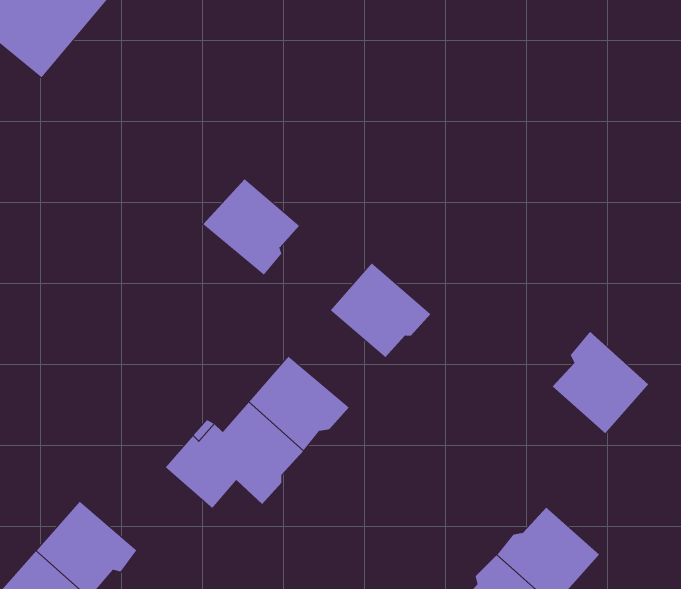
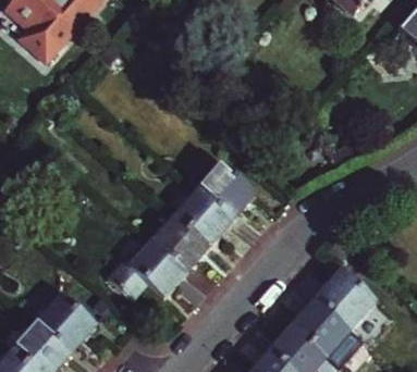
building: [203,178,300,276] -> [179,191,232,245]
building: [552,331,649,434] -> [320,269,373,325]

